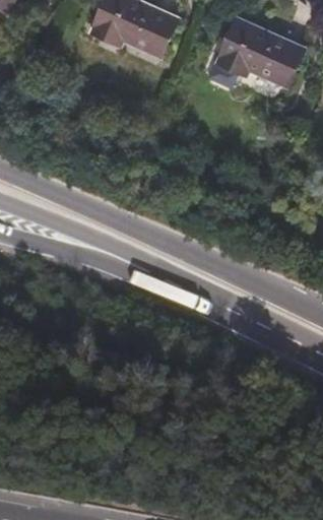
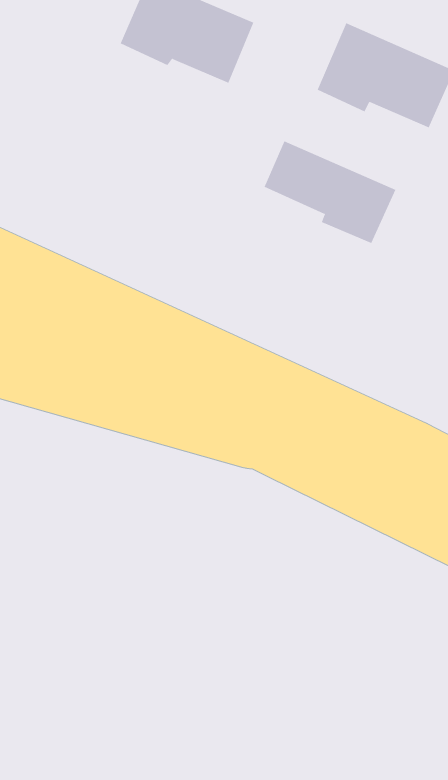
building: none -> [264,140,396,244]

